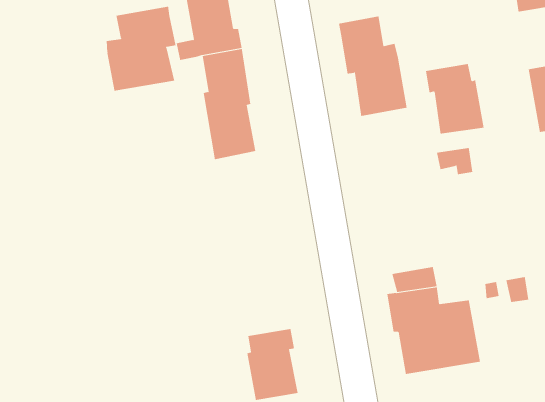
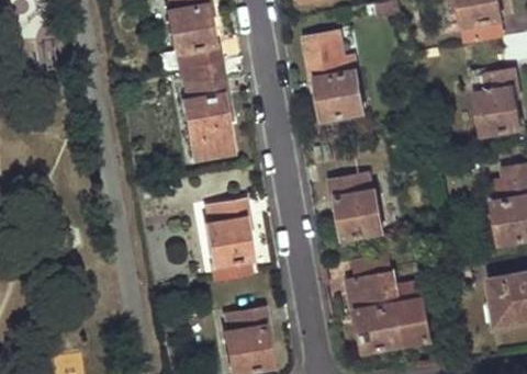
building: [106,6,176,92] -> none
building: [425,63,485,134] -> [329,173,382,236]
building: none -> [201,200,253,281]

